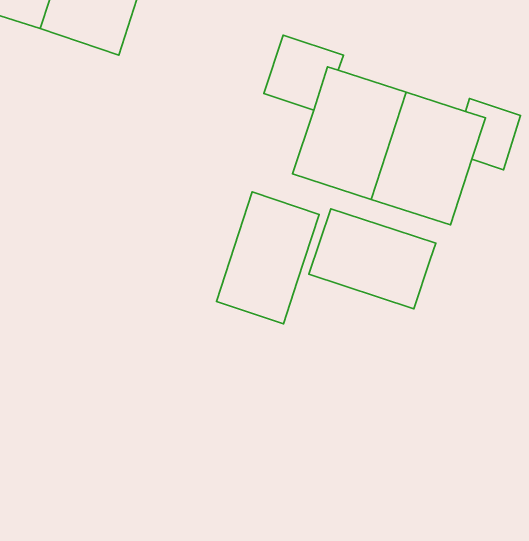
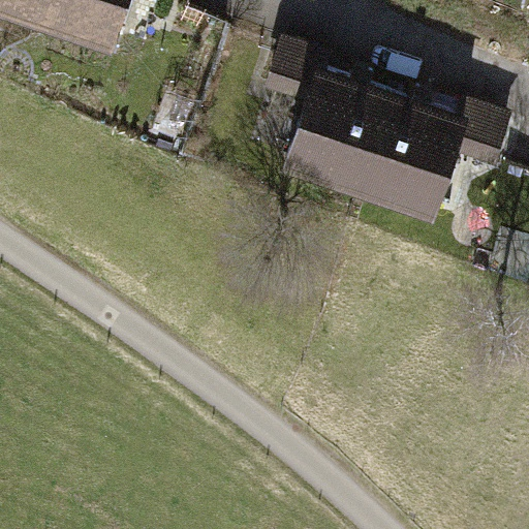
building: [216,192,319,324] -> none
building: [309,209,436,309] -> none

